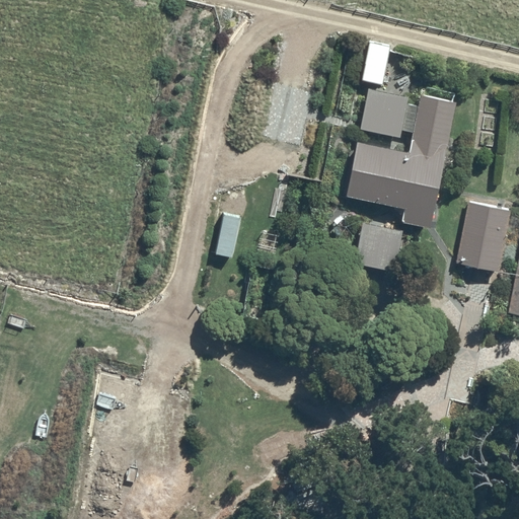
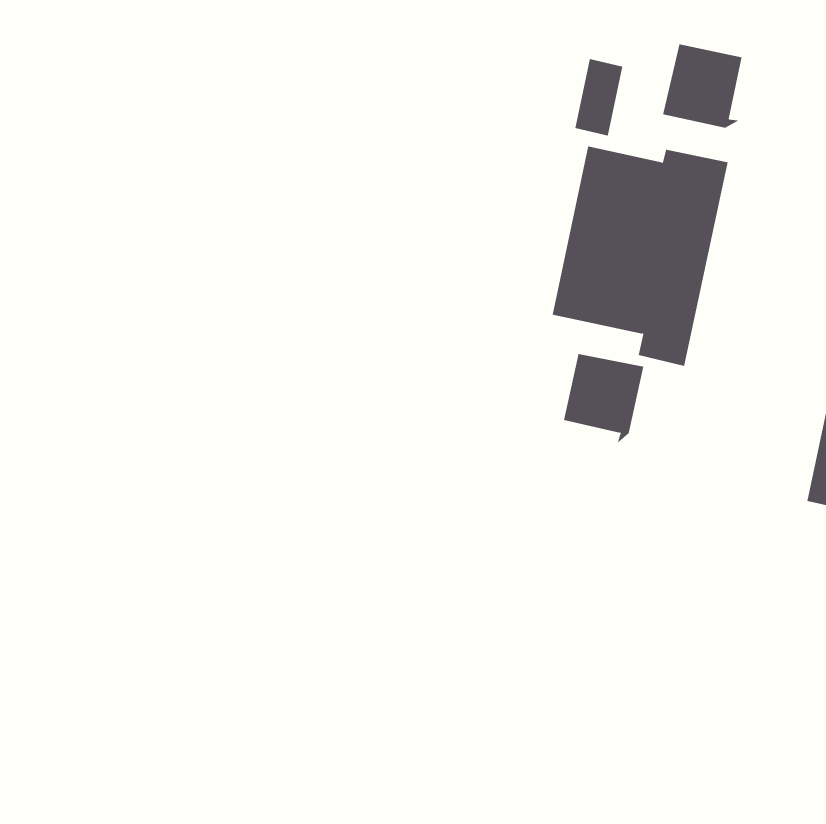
building: none -> [662,43,742,128]
building: [454,200,510,272] -> none

